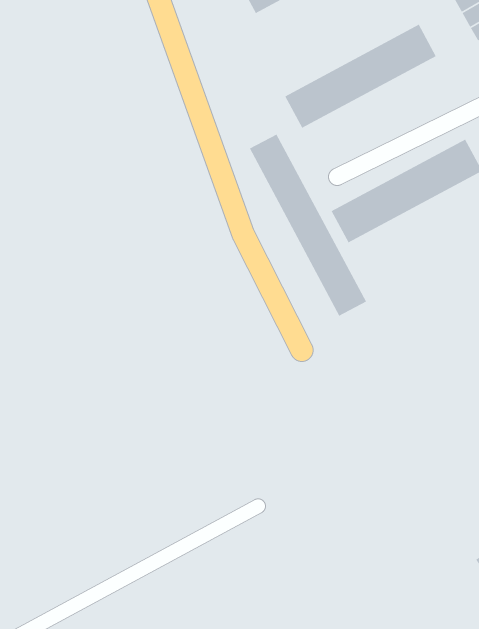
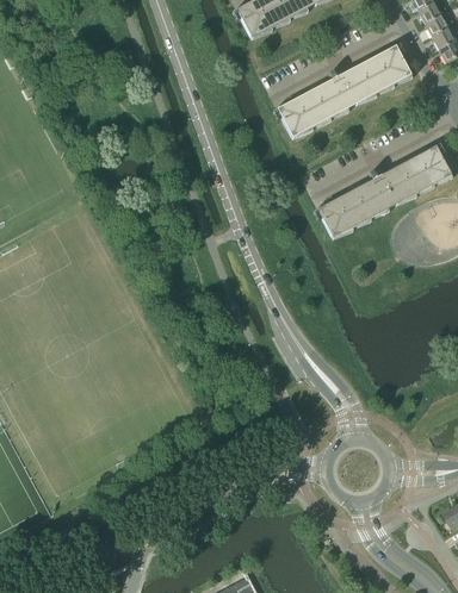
building: [249,133,367,317] -> none

